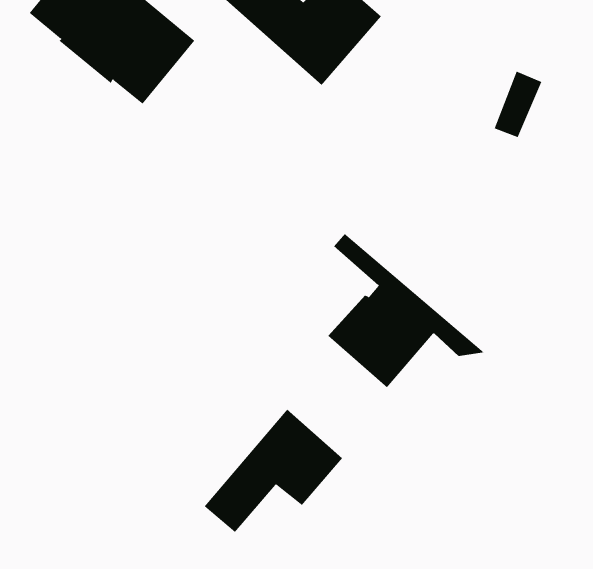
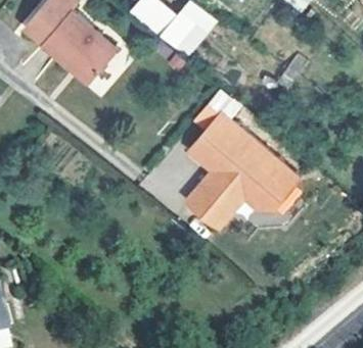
building: none -> [195,111,301,208]
building: [204,409,343,533] -> none

